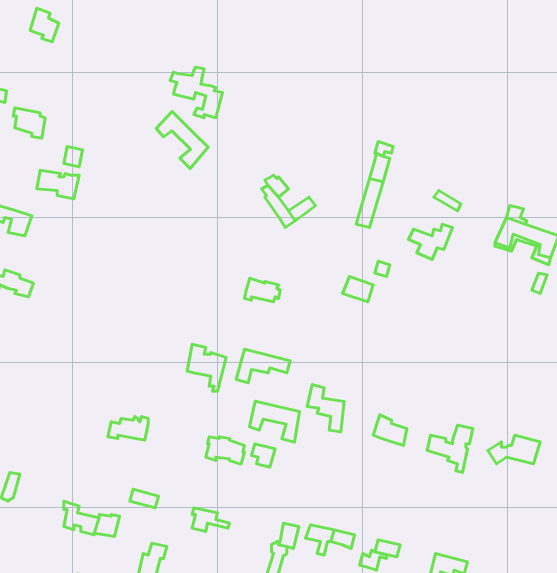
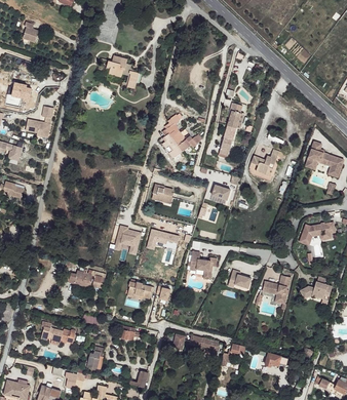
building: [156,111,208,169] -> none
building: none -> [299,224,334,246]
building: [250,401,299,442] -> none

